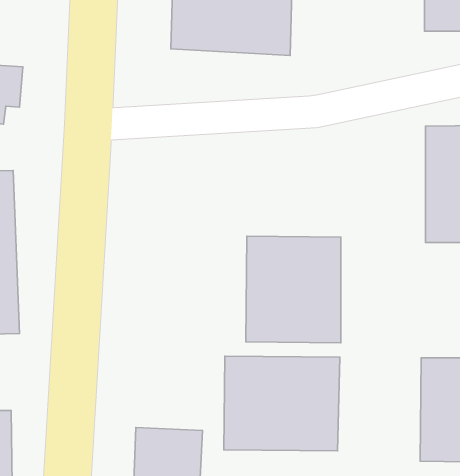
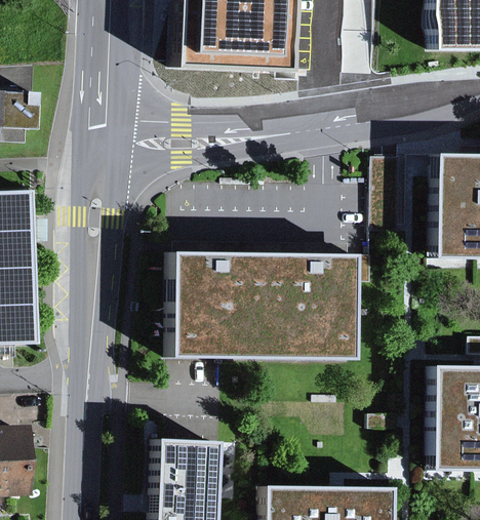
building: none -> [167,250,258,354]
building: [224,356,340,451] -> none

